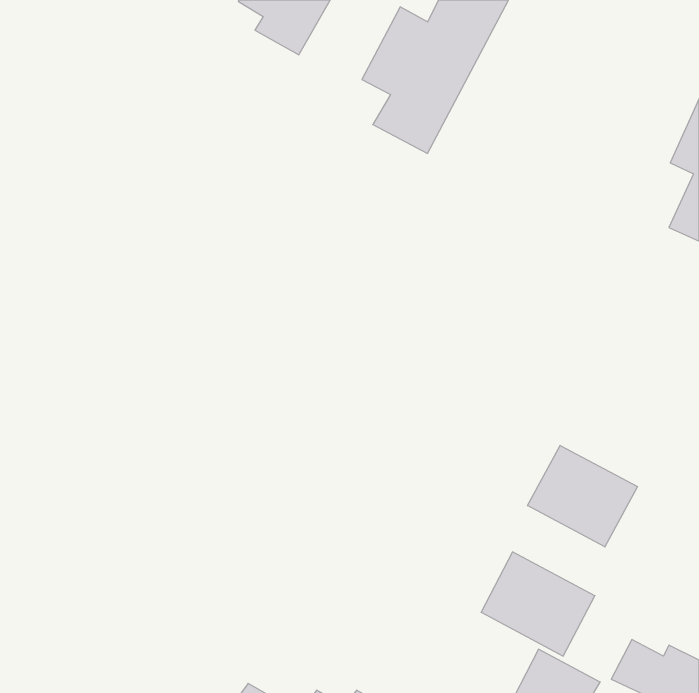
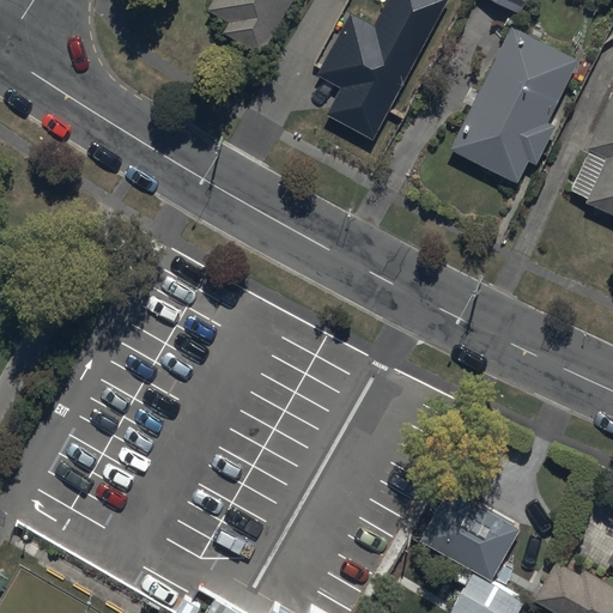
building: none -> [451,26,578,181]
building: [527,445,638,547] -> none

